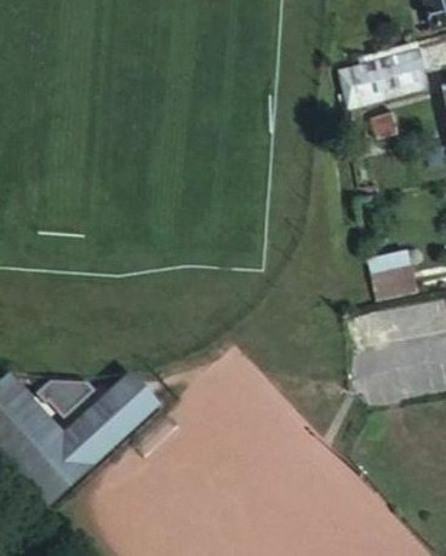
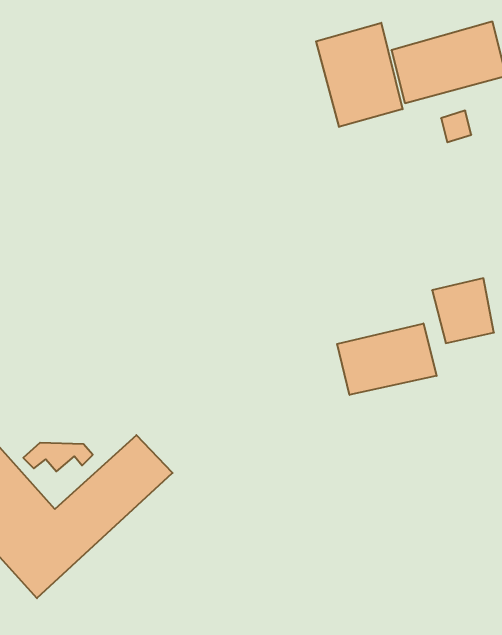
building: none -> [316,23,403,127]
building: none -> [337,323,437,395]

